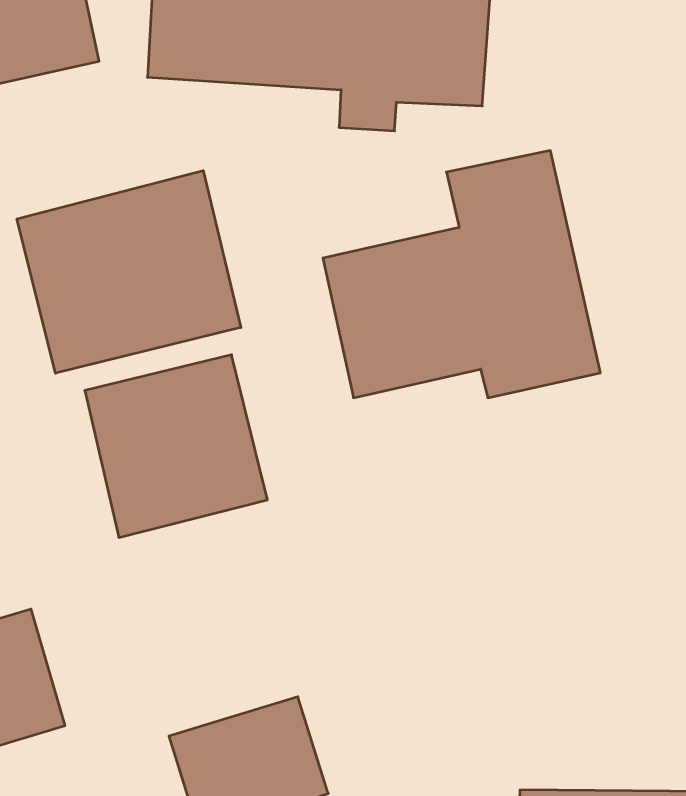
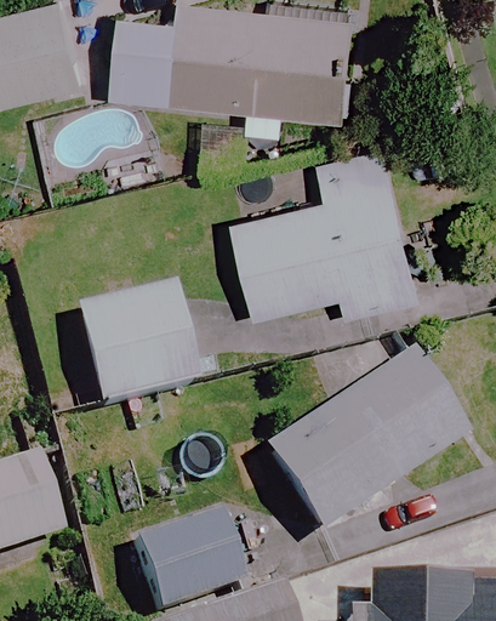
building: [17,171,241,373] -> none
building: none -> [261,353,462,532]

